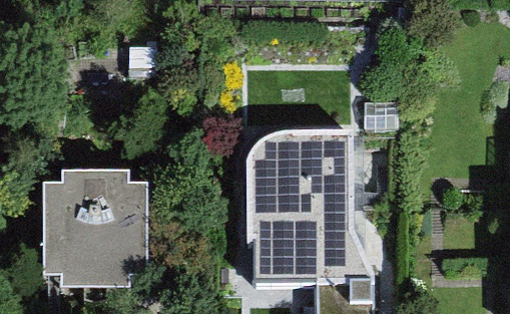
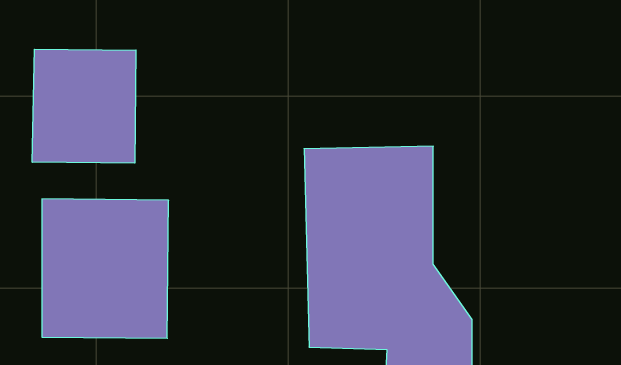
building: none -> [32,49,136,163]

